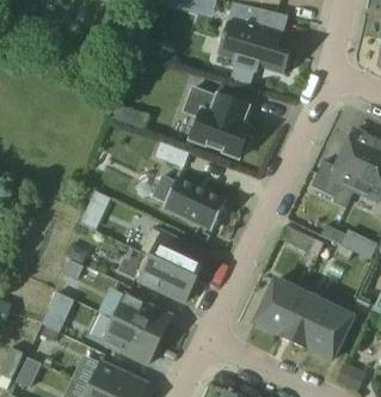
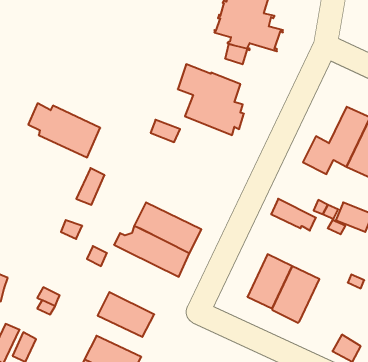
building: [152,172,225,227] -> [28,103,100,157]
building: [113,292,170,338] -> none
building: [306,303,351,358] -> none

